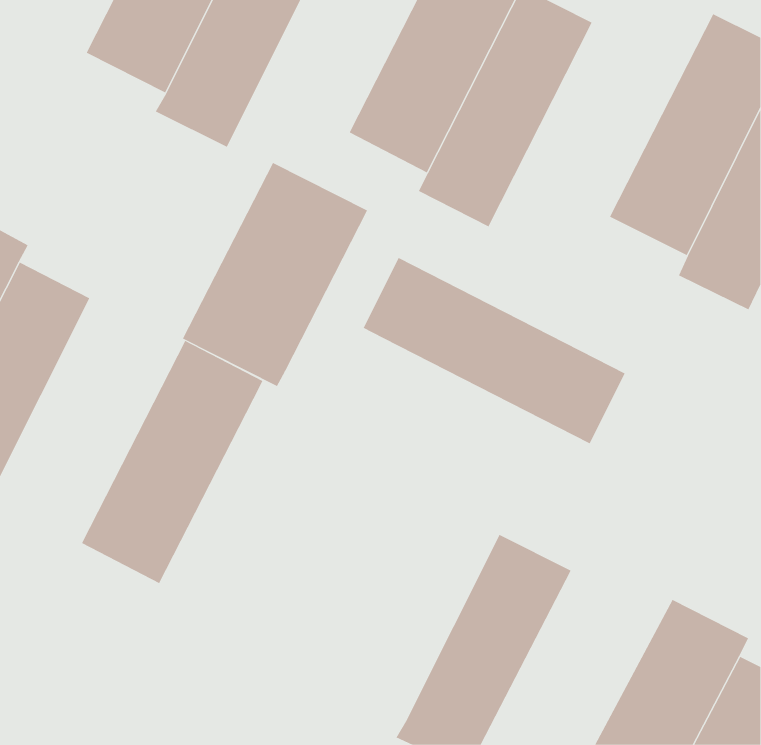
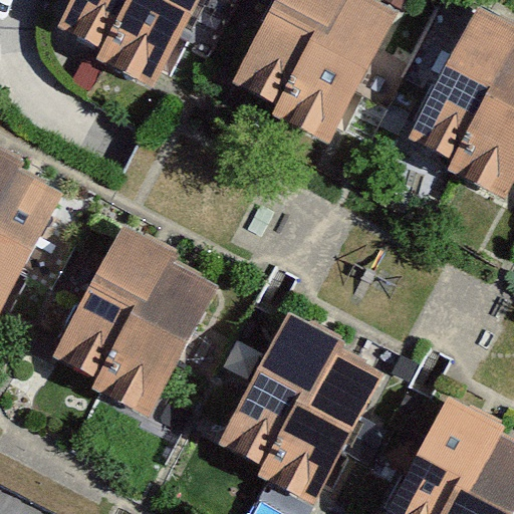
building: [182,162,368,387] -> none
building: [363,257,625,444] -> none
building: none -> [100,266,217,426]
building: none -> [218,318,339,480]

